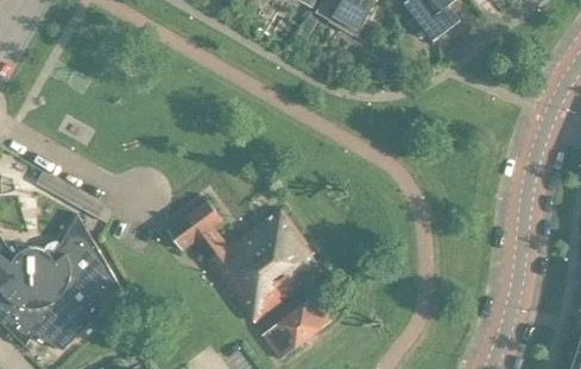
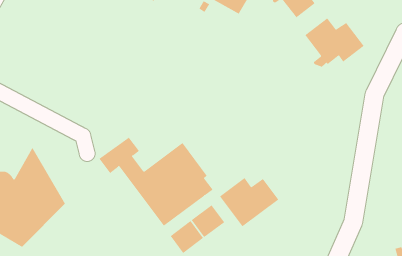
building: none -> [305,18,364,68]
building: none -> [219,177,279,227]

